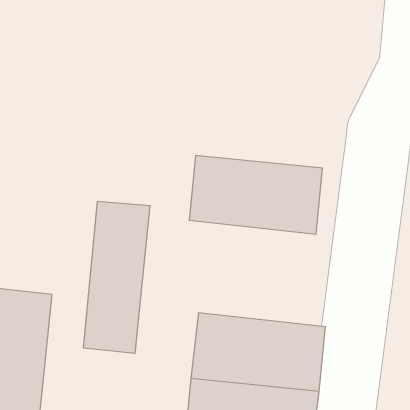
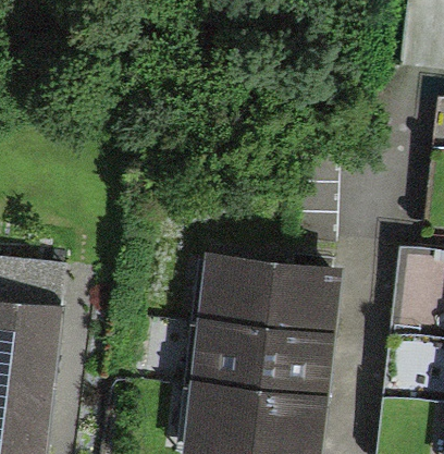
building: [189,155,323,234] -> [202,260,337,340]
building: [83,201,150,353] -> none

